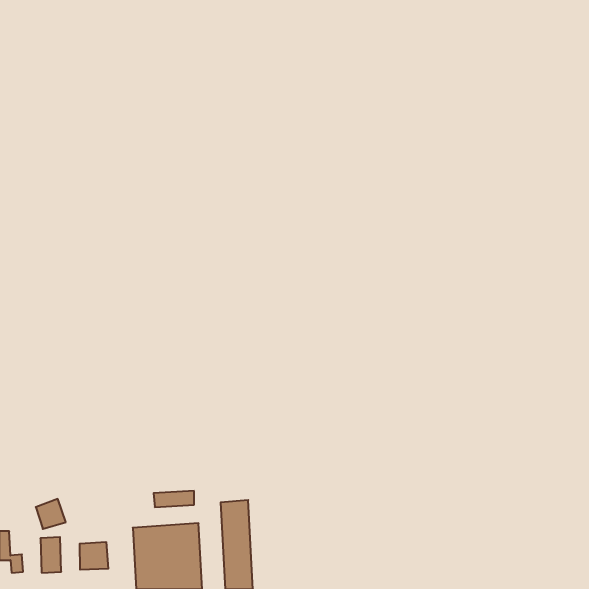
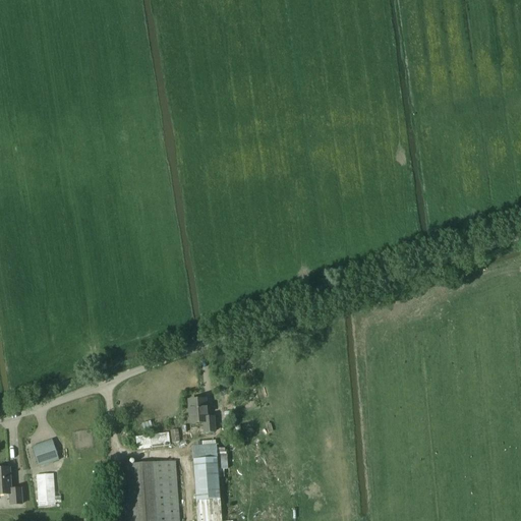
building: none -> [188,400,214,432]
building: [80,542,108,570] -> none

